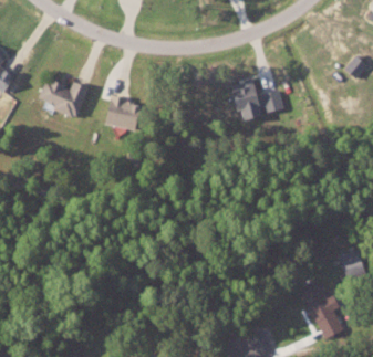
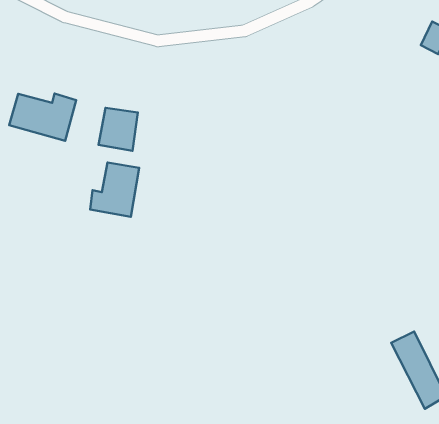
building: [231,78,288,119] -> none
building: none -> [90,163,139,217]

